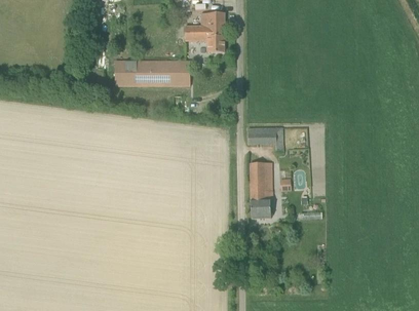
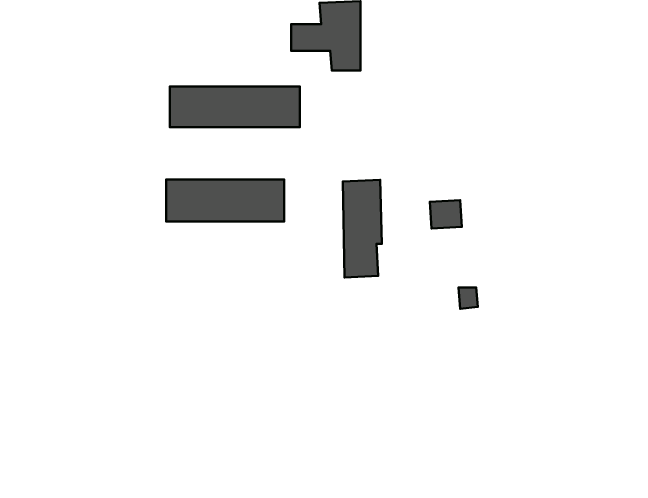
building: none -> [166,180,284,221]
building: [250,162,272,219] -> [343,180,382,278]

